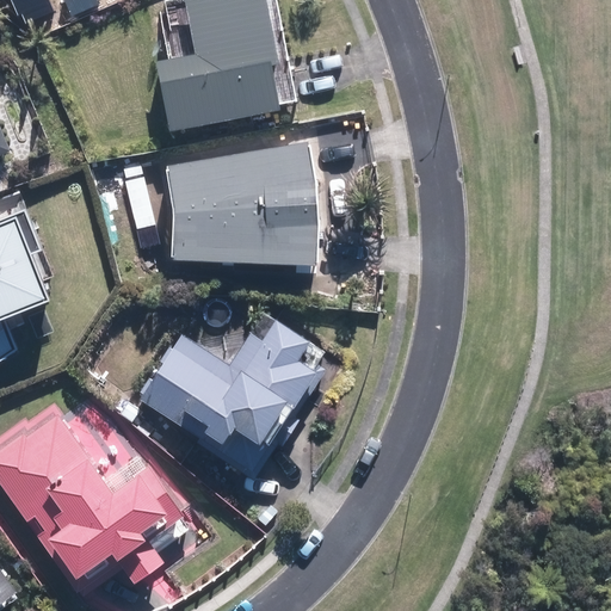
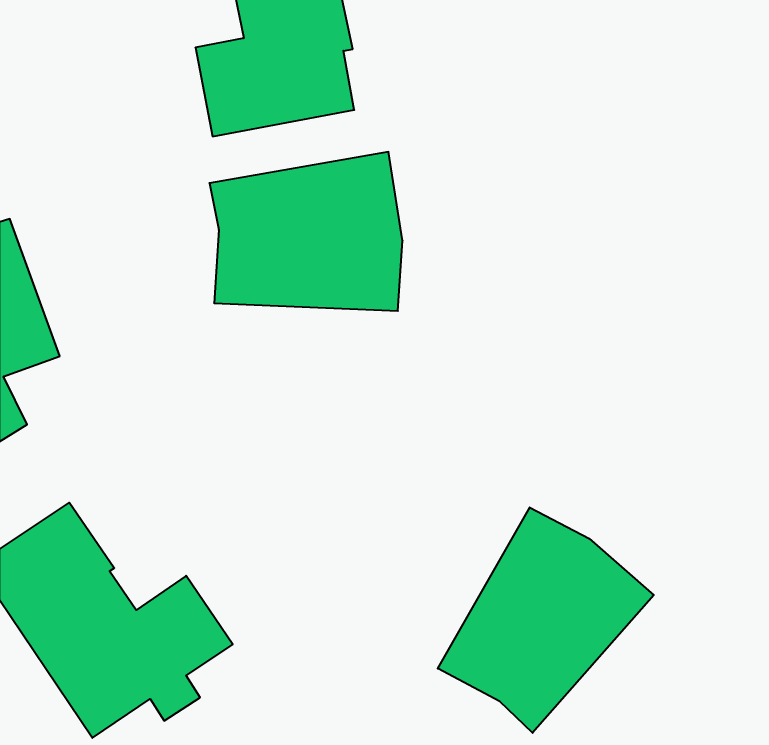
building: [140,313,327,476] -> none
building: none -> [438,507,654,733]

